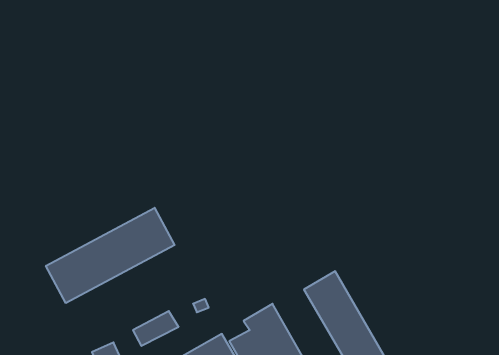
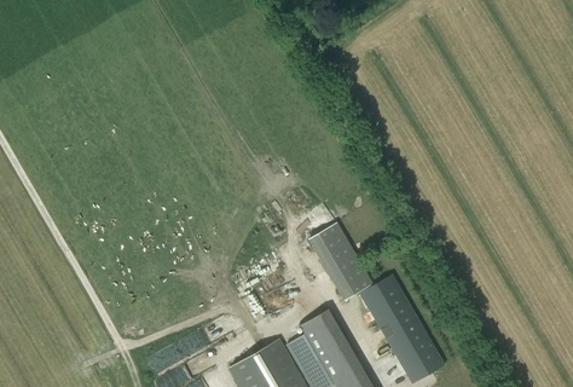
building: [46,208,175,303] -> none
building: none -> [309,224,372,300]

